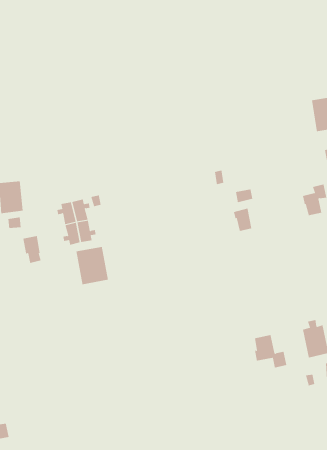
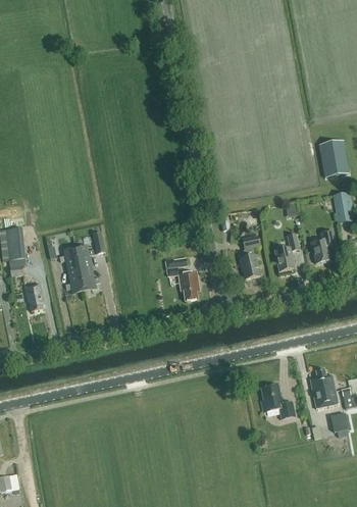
building: none -> [274,234,299,270]
building: none -> [164,256,198,301]
building: [76,246,109,285] -> none

